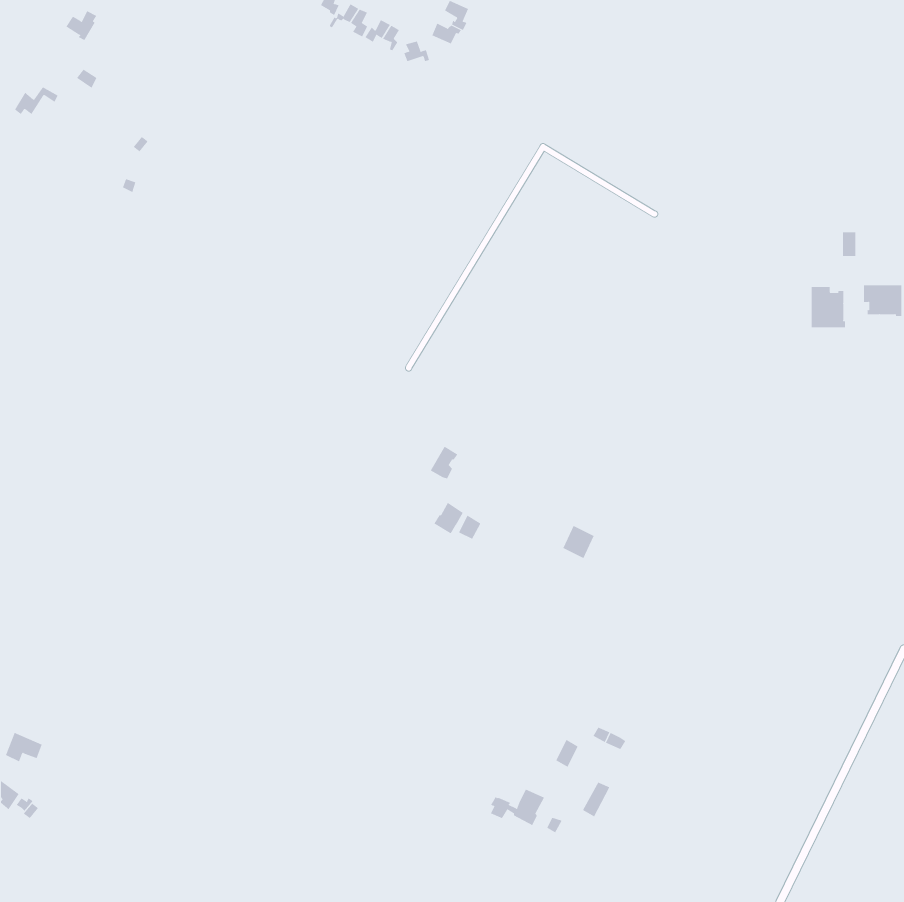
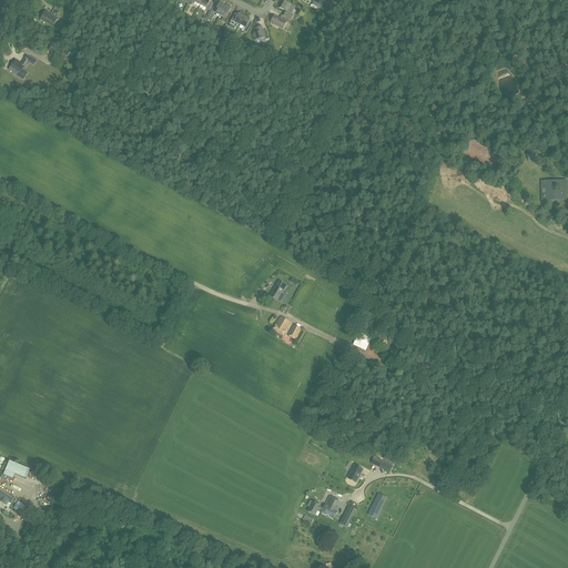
building: [811,286,846,328] -> none

